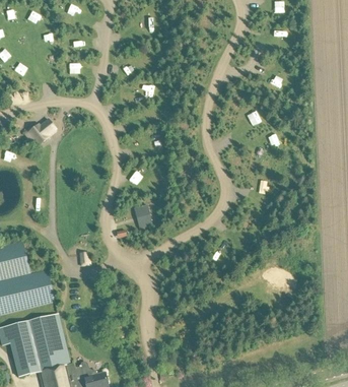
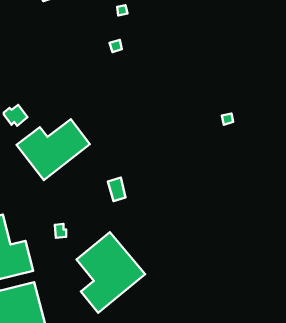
building: none -> [17,119,90,180]
building: none -> [77,232,145,313]

